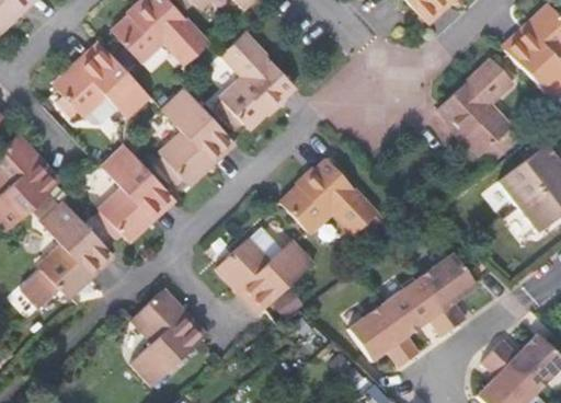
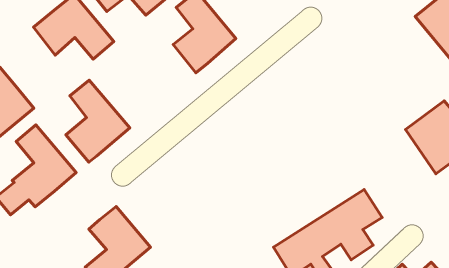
building: [437,59,513,156] -> none
building: [160,87,234,183] -> none
building: [280,159,377,235] -> none
building: [217,239,314,312] -> none

